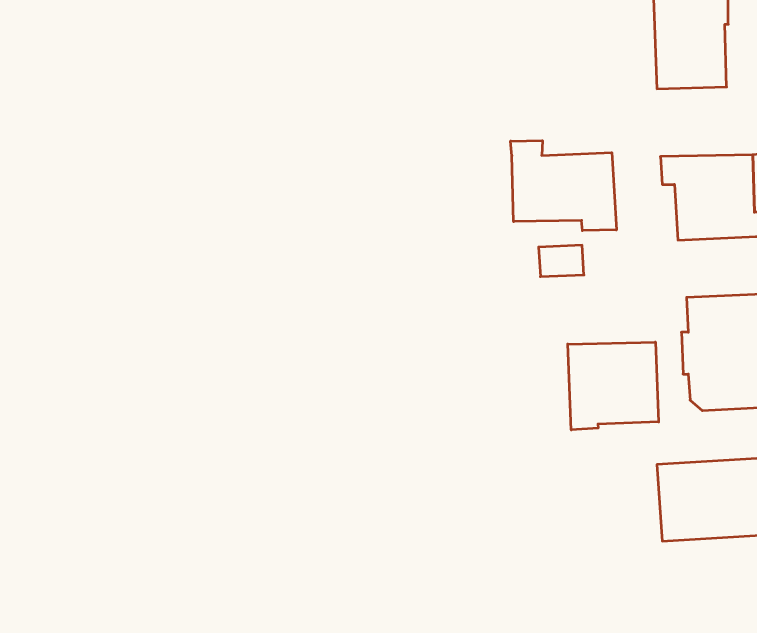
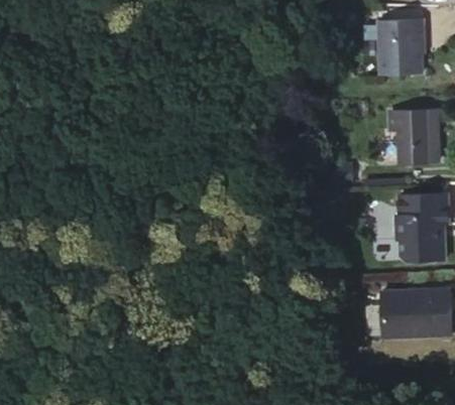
building: [511,141,616,231] -> none
building: [568,342,659,430] -> none

